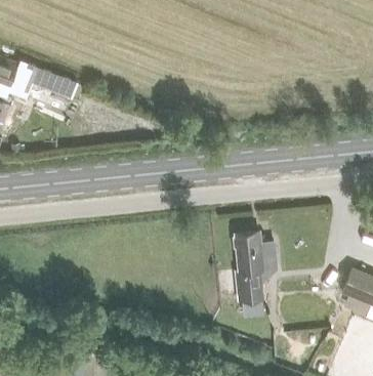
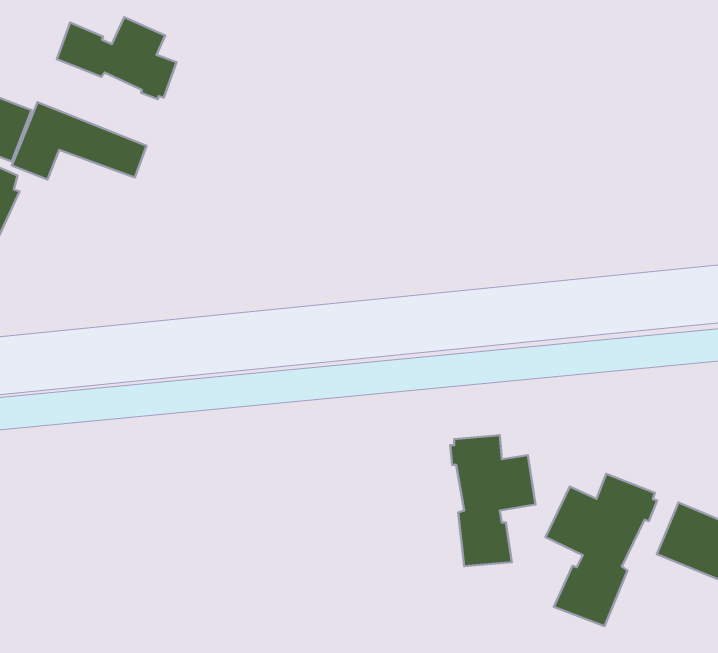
building: none -> [57,17,176,99]
building: none -> [546,474,657,626]

